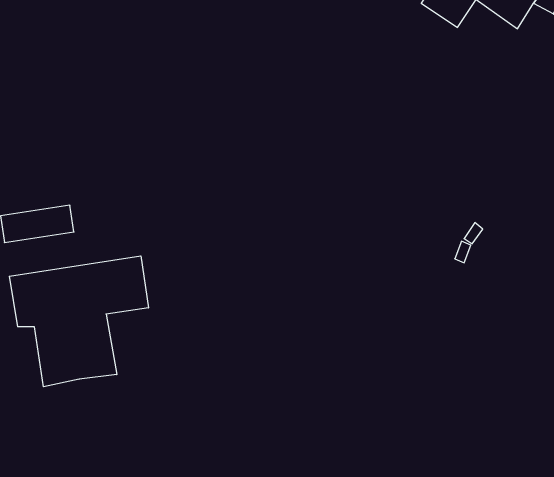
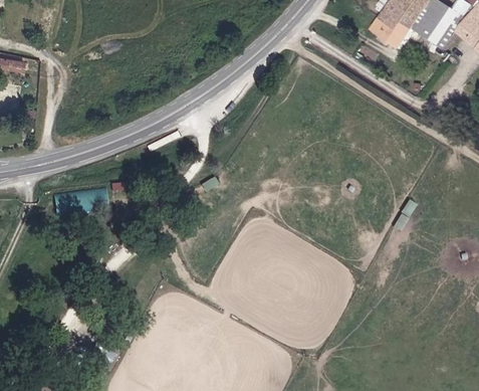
building: [9,256,148,387] -> none

